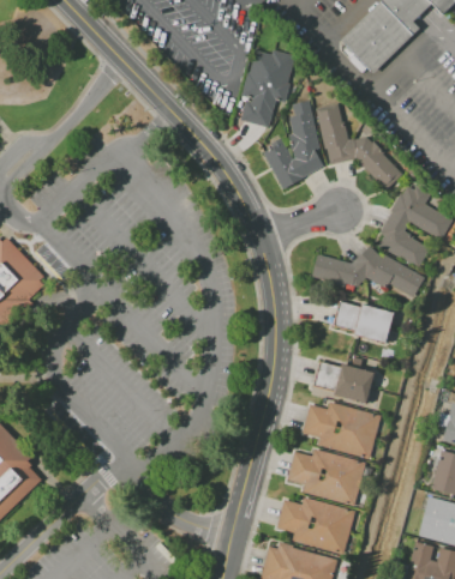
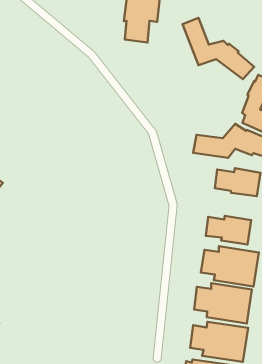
building: [262,101,323,189] -> none

